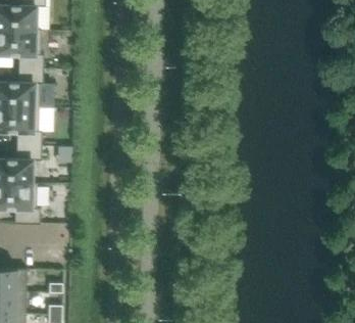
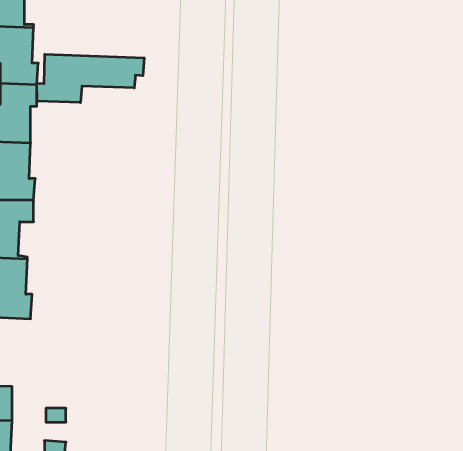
building: none -> [37,54,144,103]

